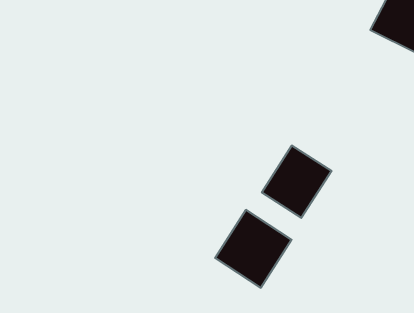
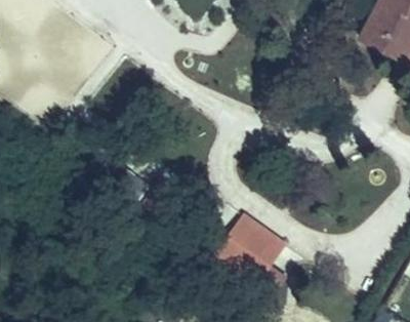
building: [262,145,331,218] -> none

